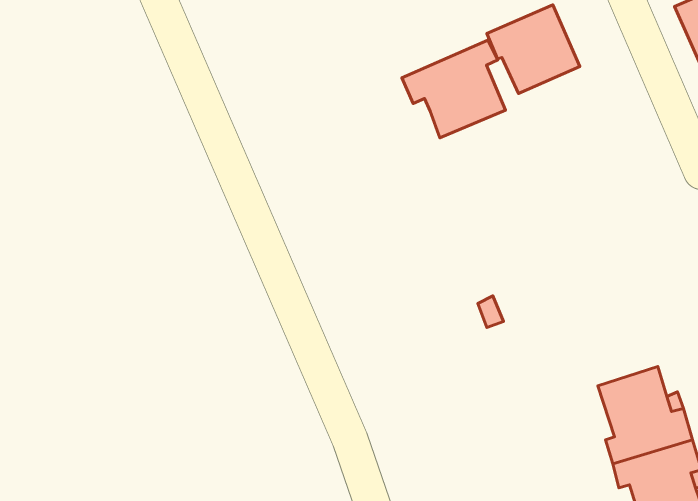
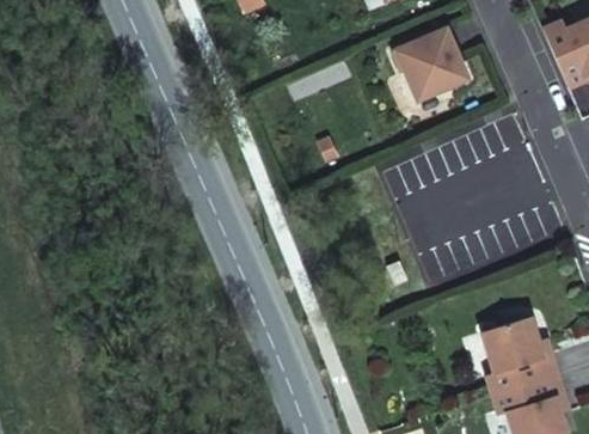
building: [402,40,506,138] -> none

